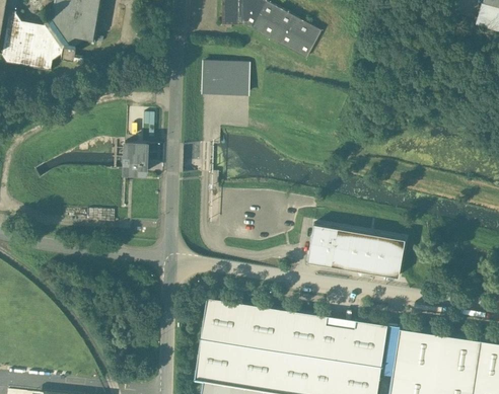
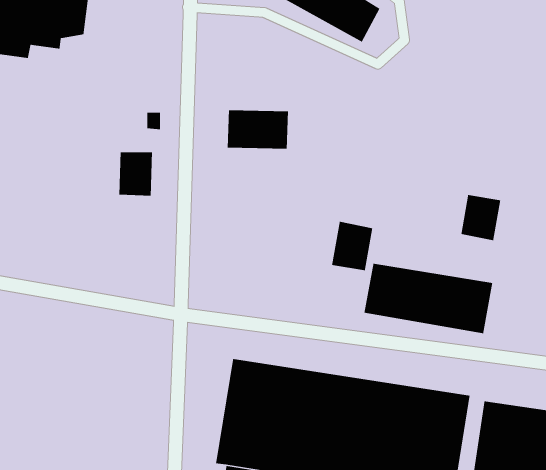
building: [201,63,248,93] -> [227,110,289,149]
building: none -> [461,194,501,241]
building: none -> [331,221,373,271]

